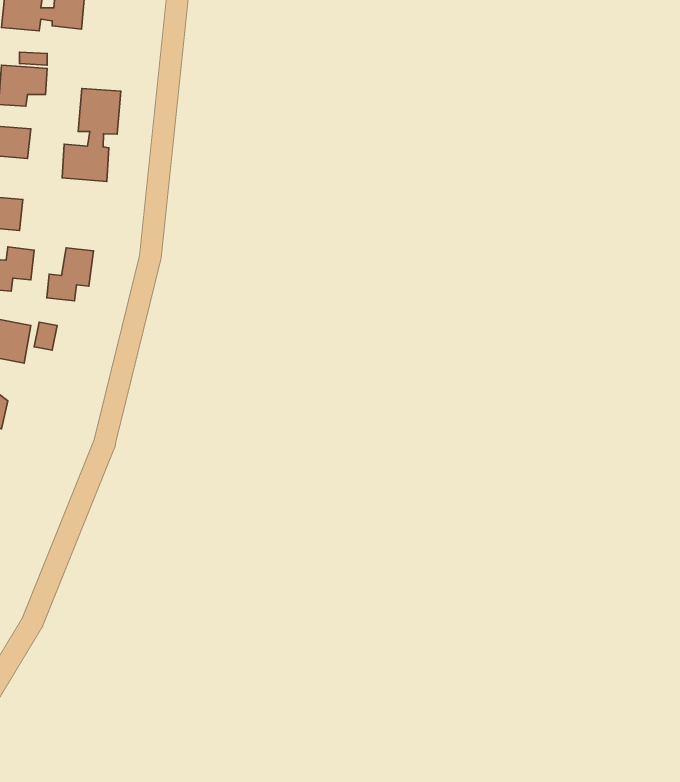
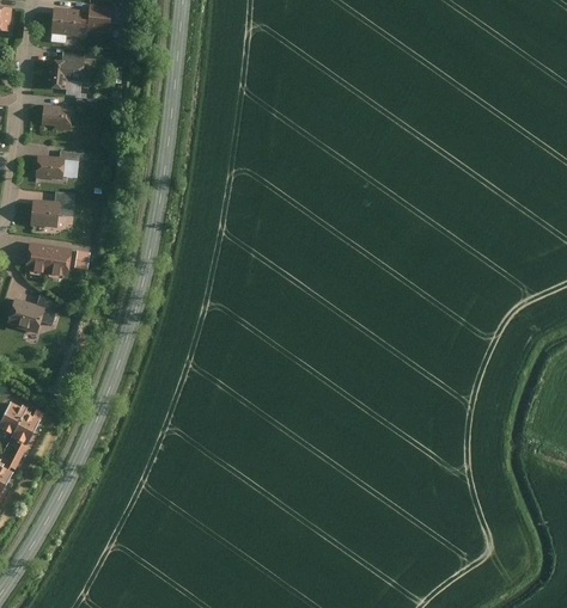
building: [62,89,121,182] -> none
building: [47,248,94,301] -> none

